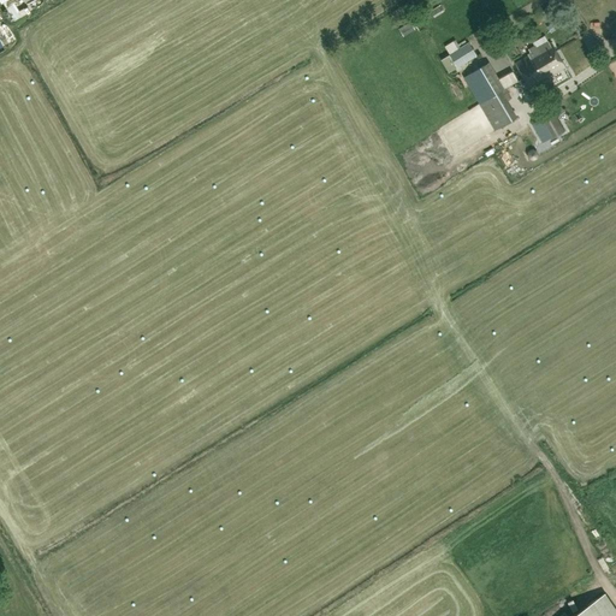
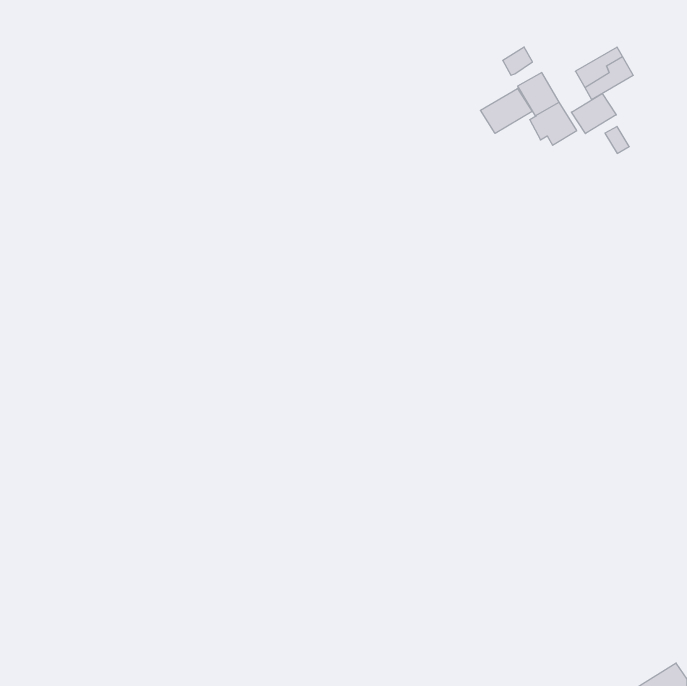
building: none -> [480,88,532,133]
building: none -> [571,93,616,134]

